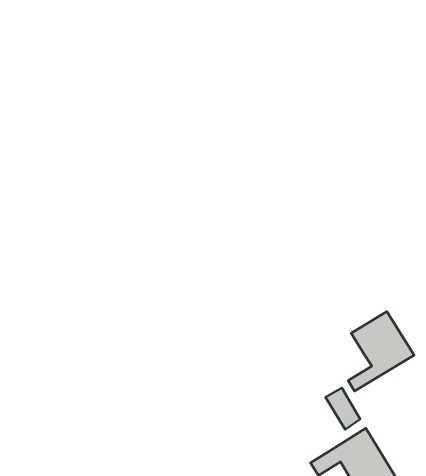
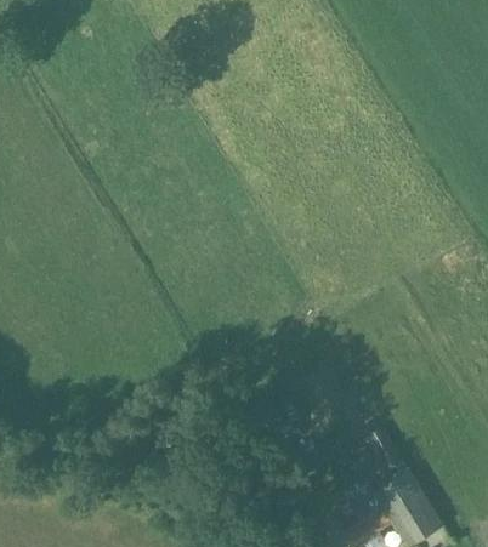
building: [348,311,414,391] -> none

